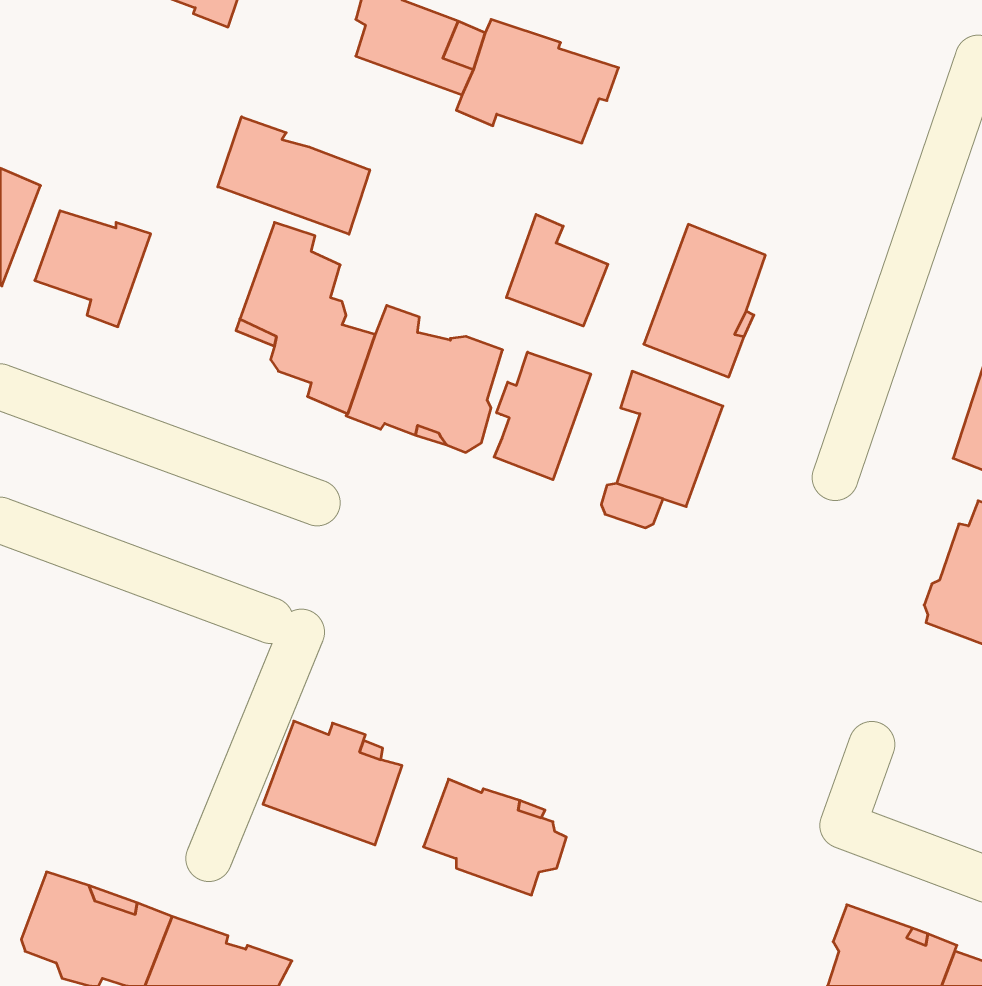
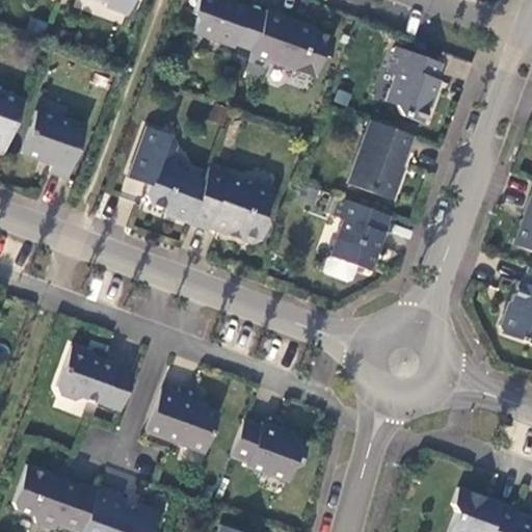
building: none -> [390,49,447,125]
building: [218,117,370,234] -> none
building: [506,214,608,326] -> none
building: [494,352,591,480] -> none
building: none -> [57,342,133,408]

